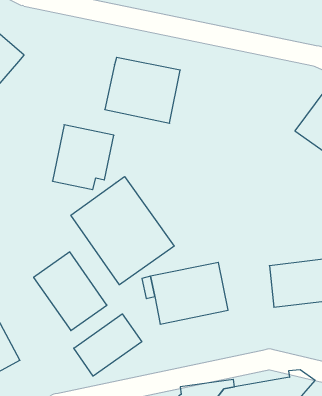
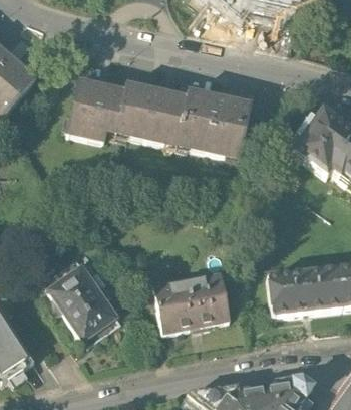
building: none -> [176,86,249,155]
building: [52,125,114,190] -> [65,76,123,138]
building: [71,177,174,285] -> none
building: [74,314,142,376] -> none

